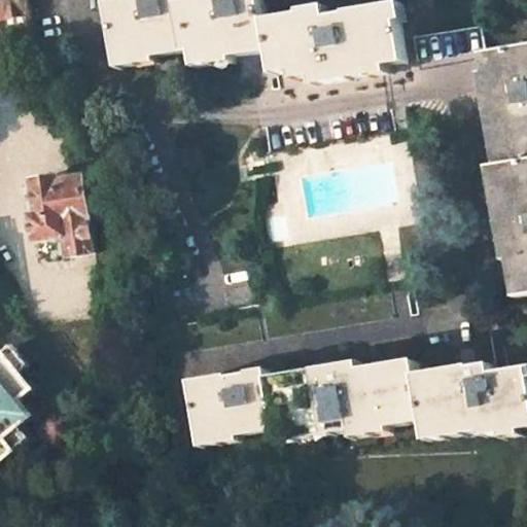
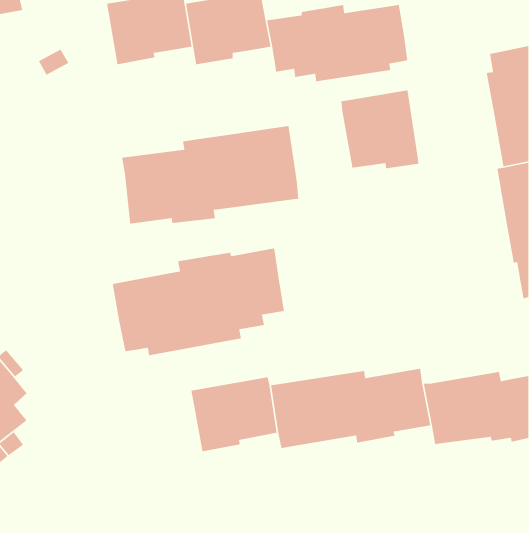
building: none -> [341,90,419,169]
building: none -> [121,125,299,224]
building: [24,173,89,254] -> none
building: none -> [112,247,285,356]

